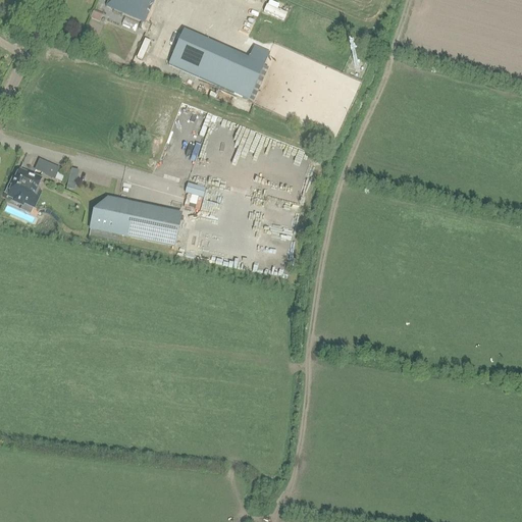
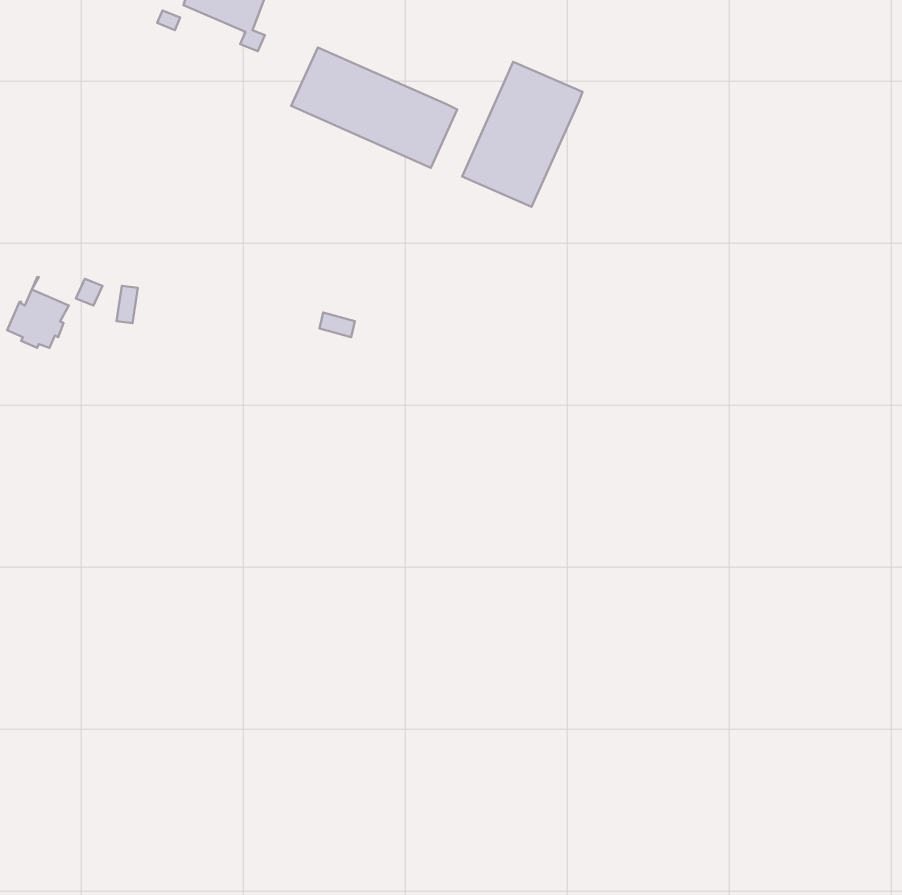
building: none -> [462,62,582,207]
building: [87,196,179,243] -> none

